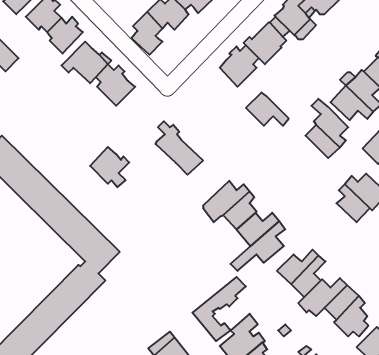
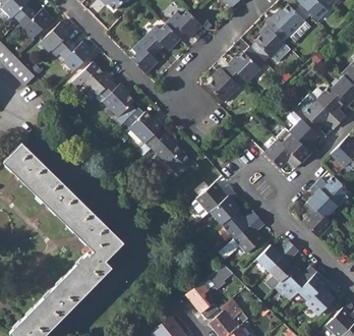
building: [246,92,289,126] -> [264,139,301,168]
building: [90,147,129,187] -> [131,113,165,148]
building: none -> [302,201,332,237]

